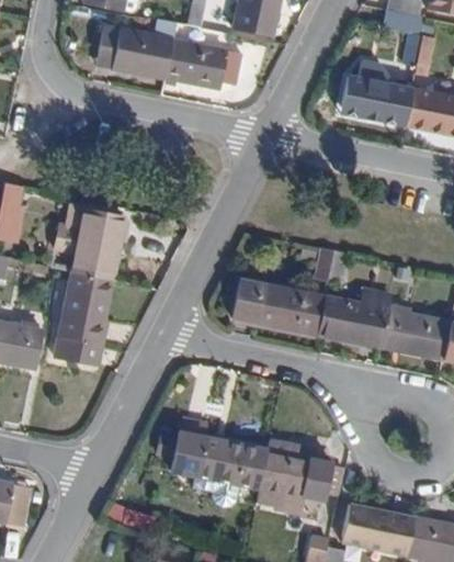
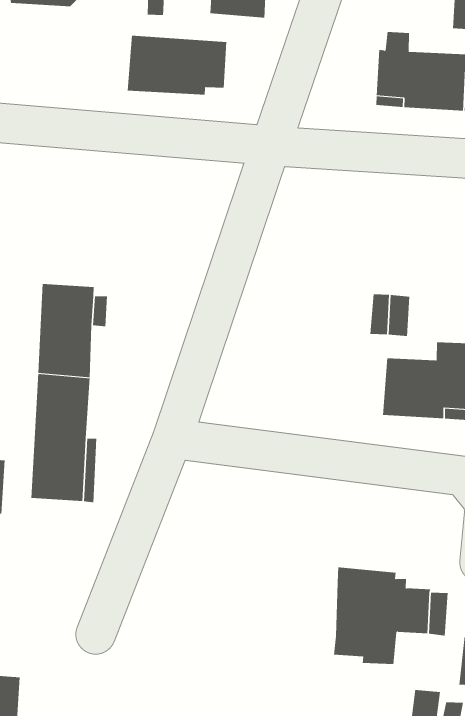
building: [95,20,177,78] -> none
building: [230,279,324,336] -> none
building: [169,417,265,508] -> none

